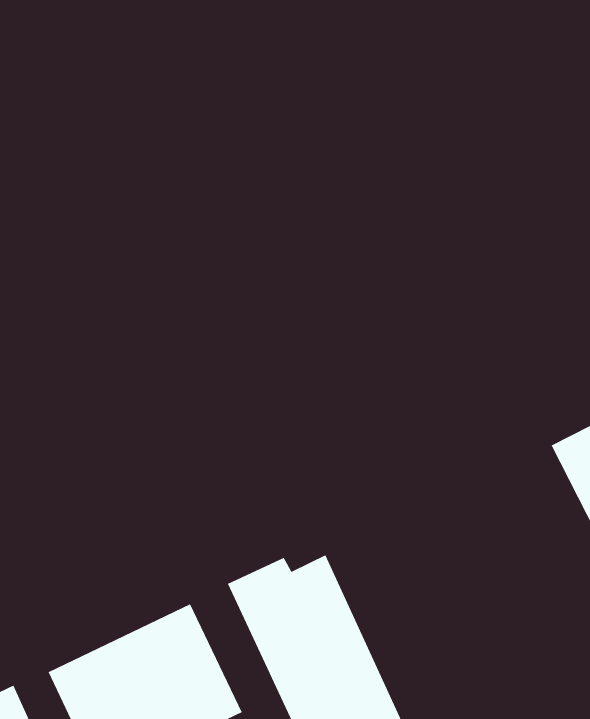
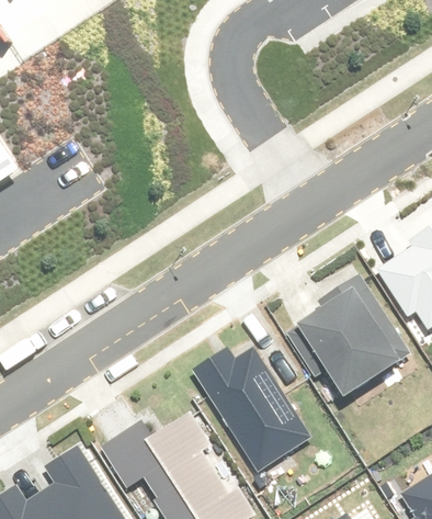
building: none -> [297,285,403,396]

